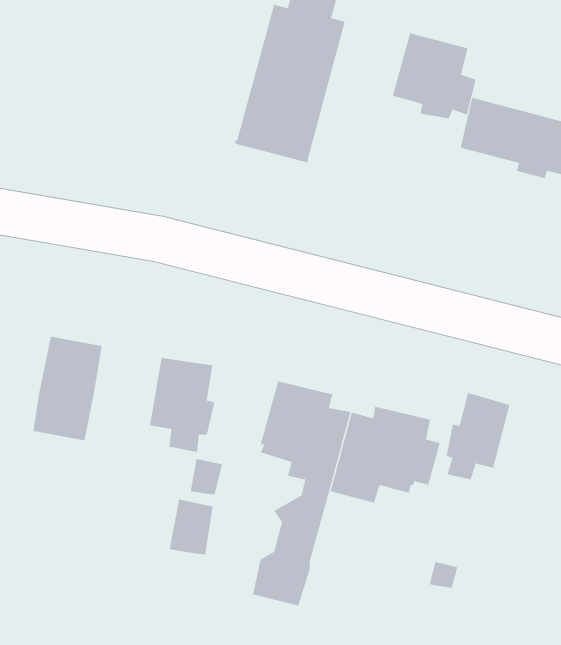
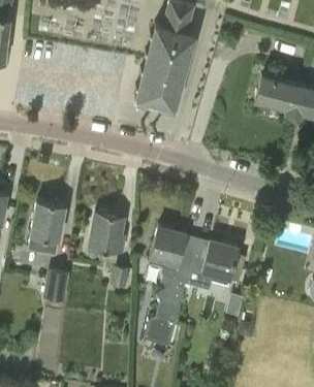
building: [392,32,476,119] -> none
building: [446,392,510,480] -> none
building: [169,499,213,555] -> [44,270,68,300]

